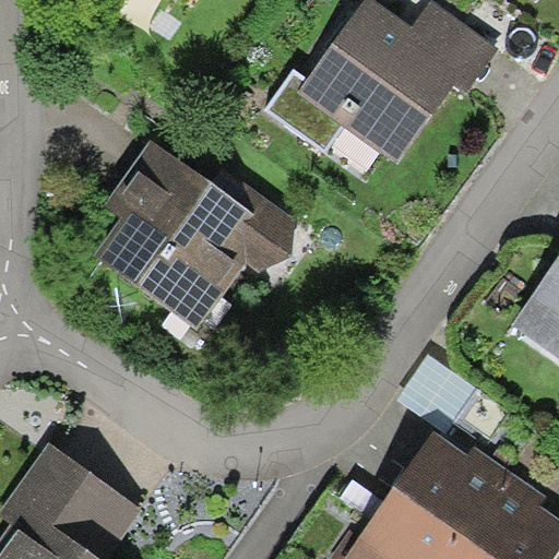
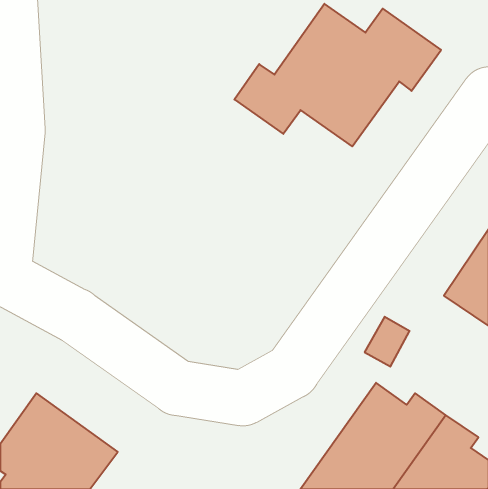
building: [95,142,304,324] -> none

